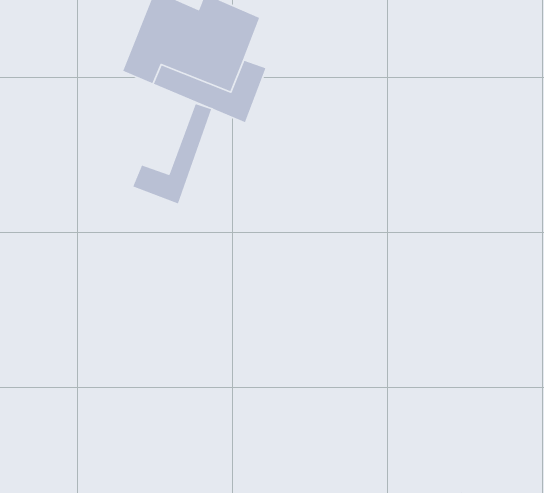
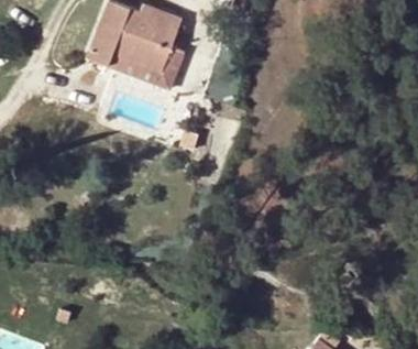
building: [132,103,212,205] -> none

